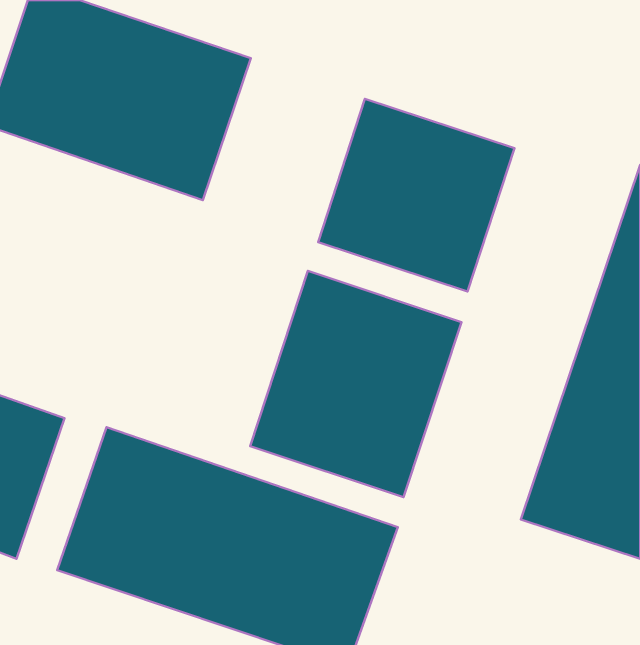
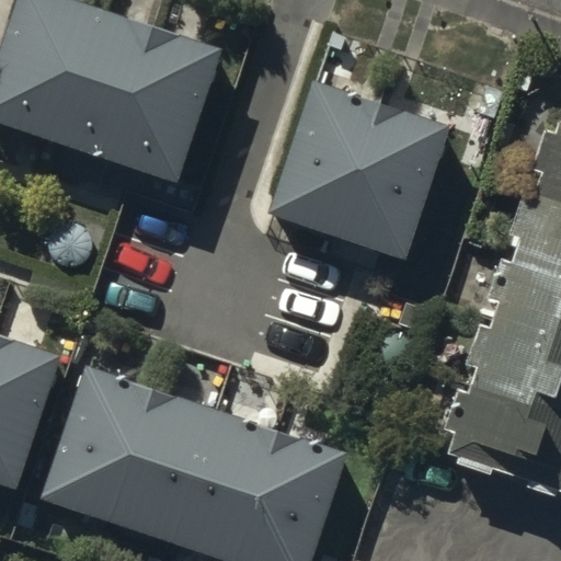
building: [250,271,461,497] -> none

